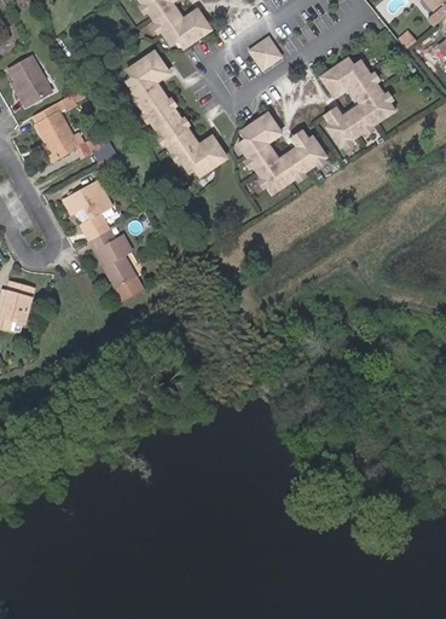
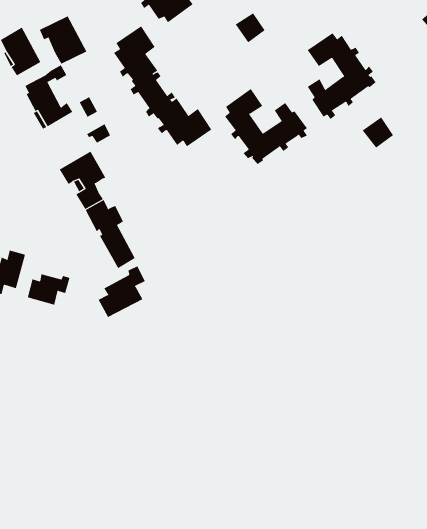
building: none -> [39,15,87,64]
building: none -> [362,117,394,148]
building: none -> [98,265,146,318]
building: none -> [27,273,70,305]

